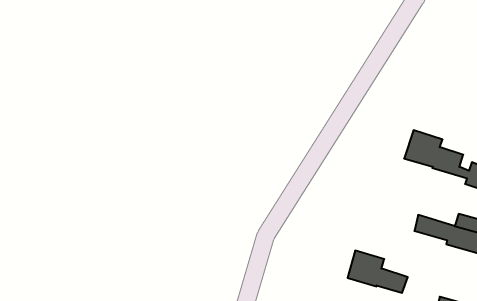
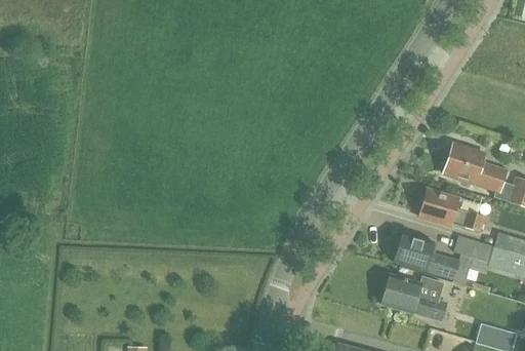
building: none -> [419,189,485,231]
building: none -> [395,232,460,279]

